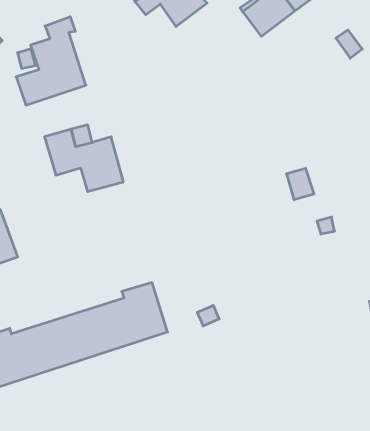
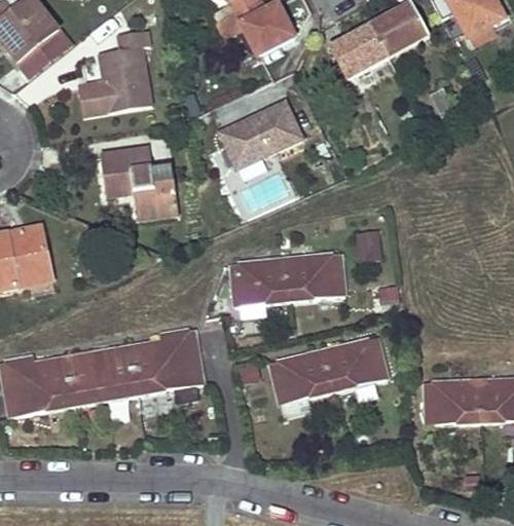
building: none -> [219,101,302,168]
building: none -> [230,252,344,305]
building: none -> [269,336,387,404]

